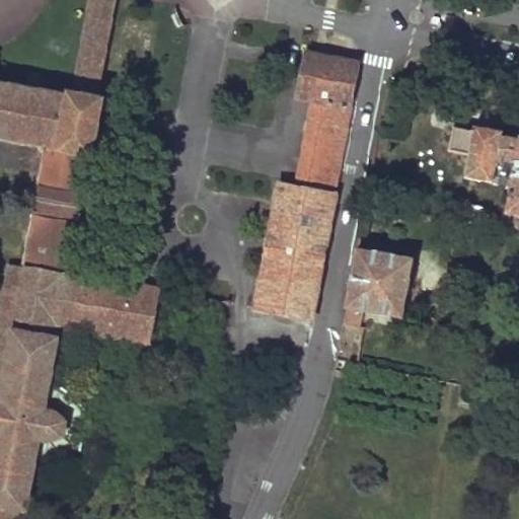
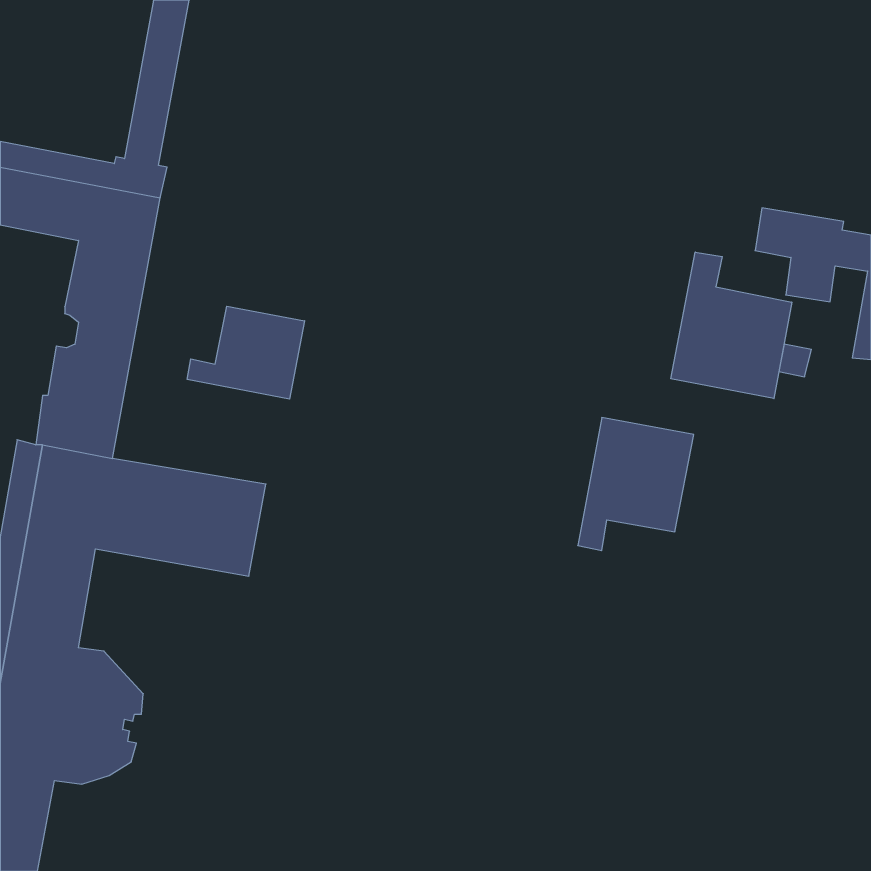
building: [255,54,358,317] -> none
building: none -> [671,252,792,399]
building: none -> [187,306,305,399]

